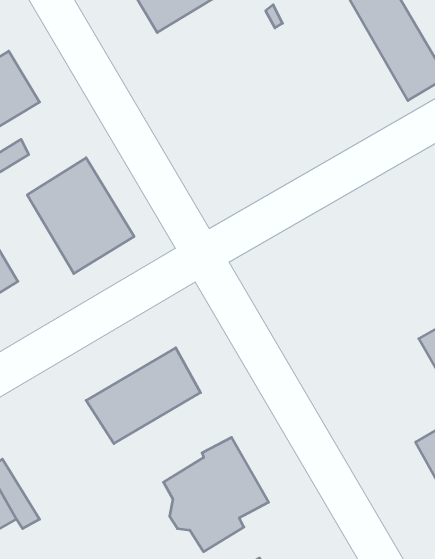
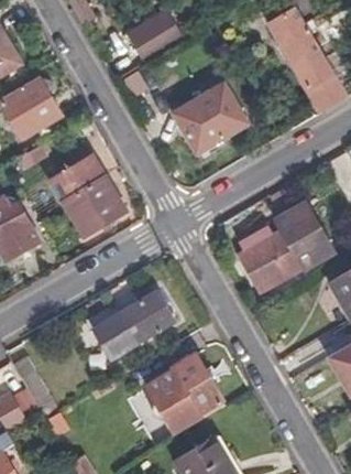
building: none -> [172,84,246,154]
building: none -> [238,204,332,292]

